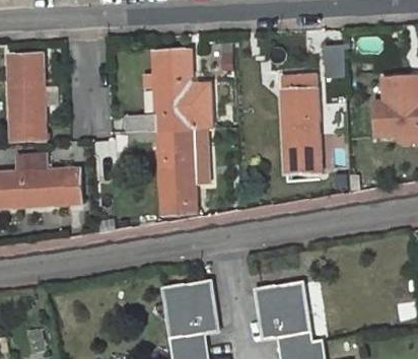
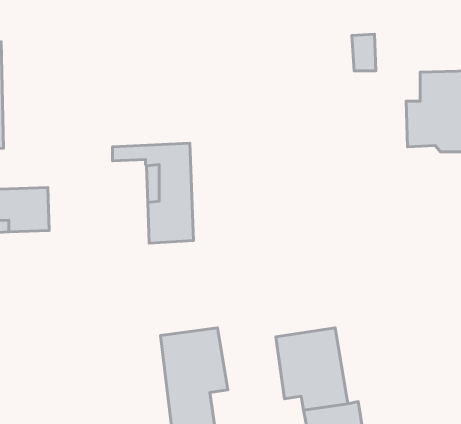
building: [127,51,212,136] -> none
building: [279,75,317,172] -> none

